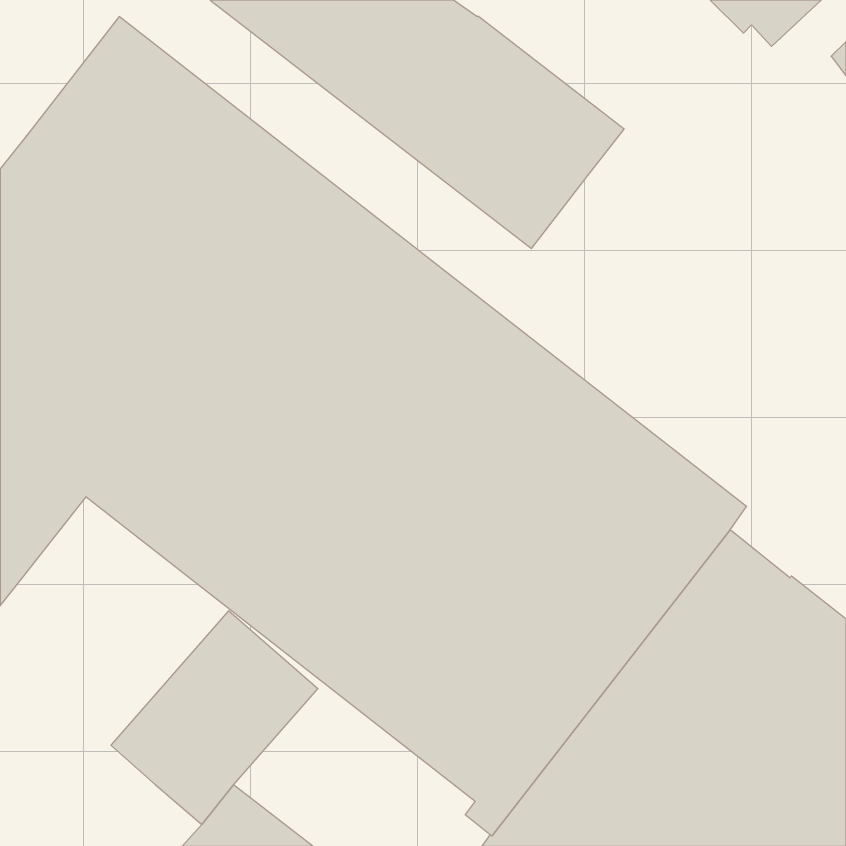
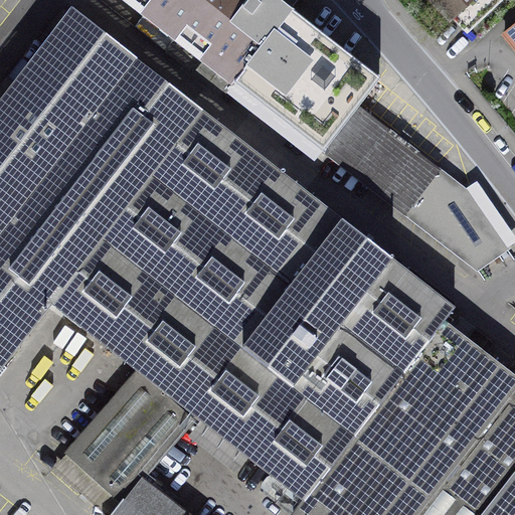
building: none -> [330,107,507,270]

